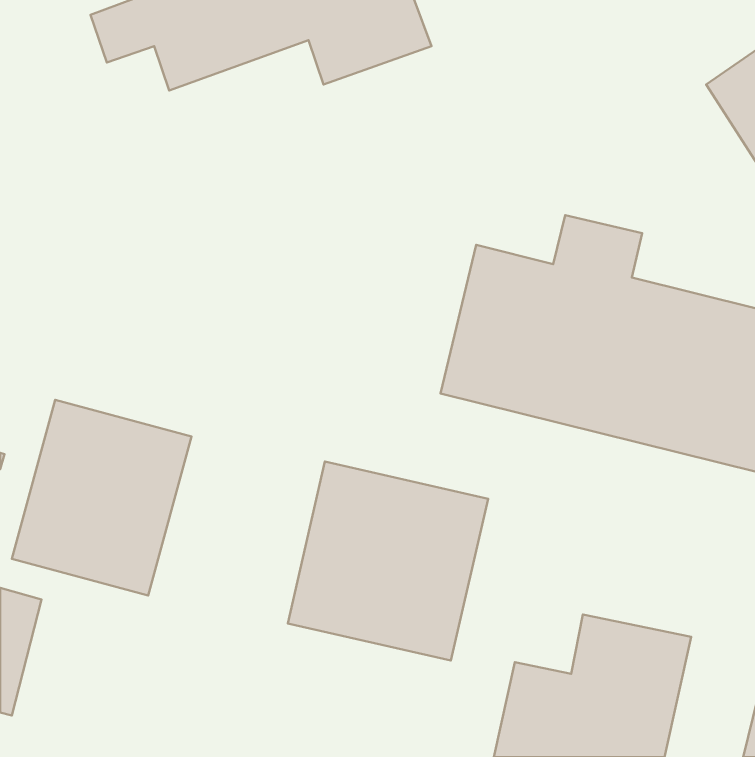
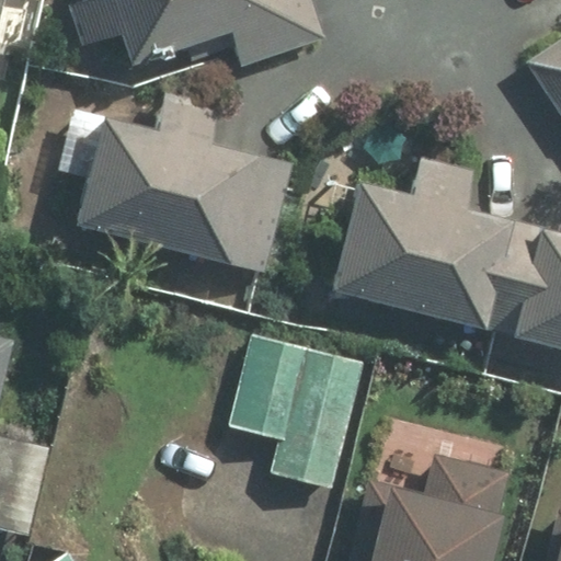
building: none -> [76,92,296,276]
building: [12,400,192,595] -> none

